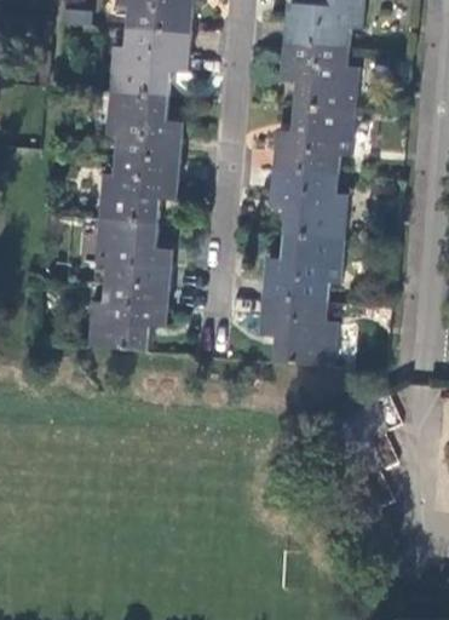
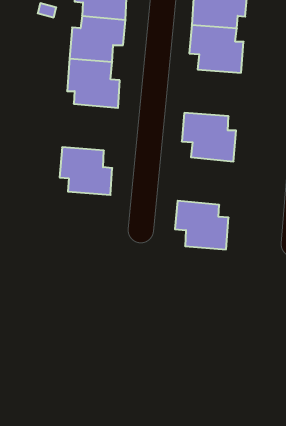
building: [274,103,359,171] -> none
building: [97,153,178,220] -> none
building: [264,230,345,299] -> none
building: [87,280,167,349] -> none

